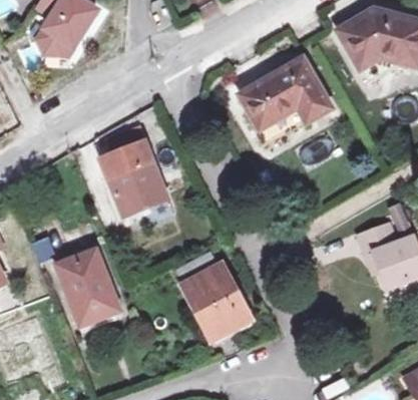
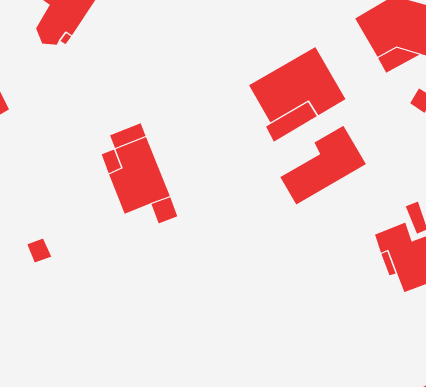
building: none -> [280,125,367,206]
building: [55,249,120,325] -> none
building: [178,252,252,340] -> none

